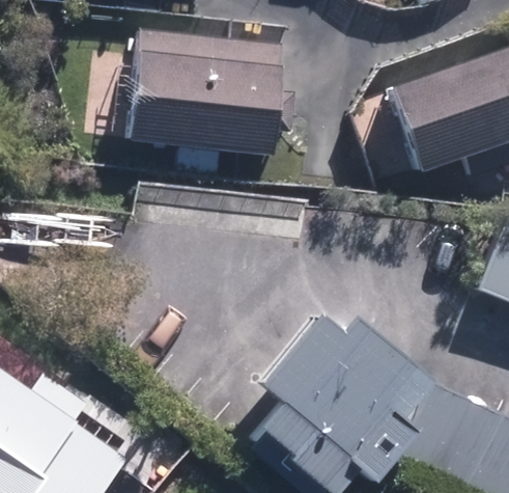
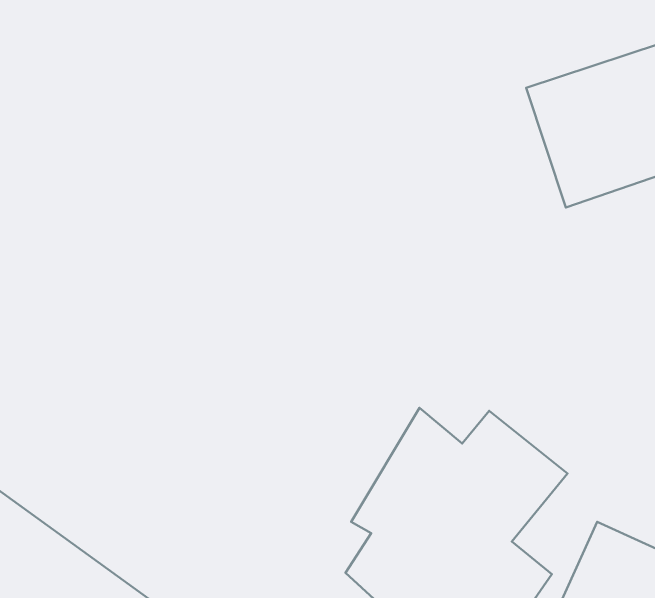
building: [125,31,284,153] -> none

